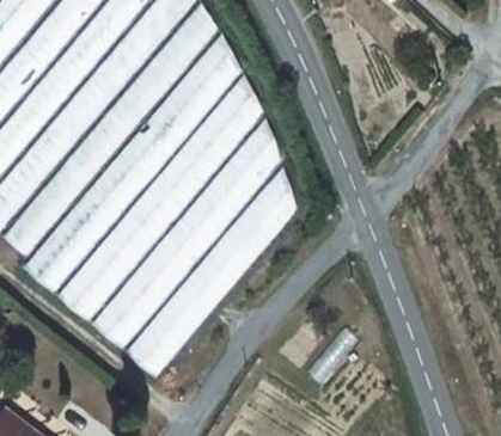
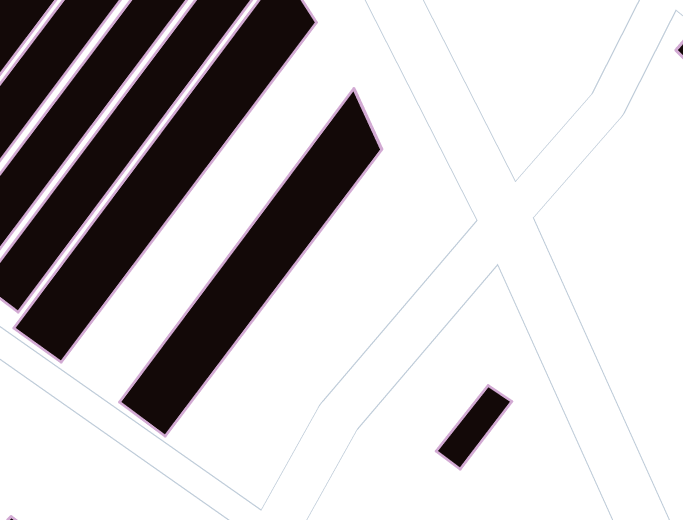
building: [57,74,263,321] -> none
building: [126,167,297,376] -> none

